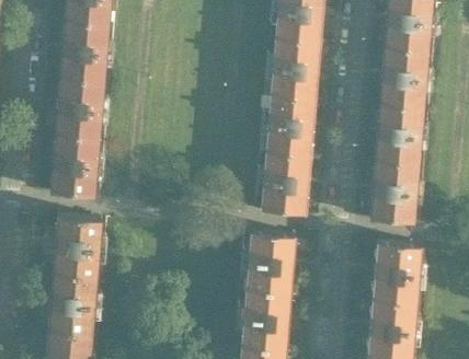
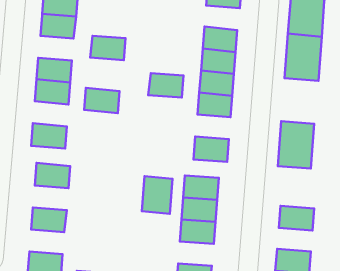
building: [276,14,322,46] -> none
building: [60,54,106,85] -> [90,36,126,60]
building: [376,108,424,167] -> none
building: [54,138,100,171] -> [84,88,120,113]
building: [264,155,310,187] -> [148,73,184,98]
building: none -> [142,176,172,214]
building: [375,244,421,277] -> none
building: [54,247,100,279] -> none
building: [370,302,416,333] -> none
building: [49,304,94,336] -> none
building: [242,320,288,351] -> none

